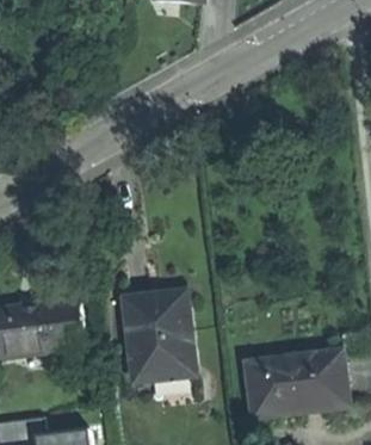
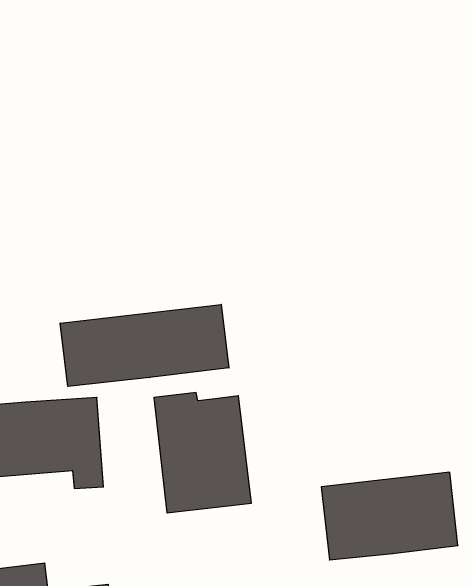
building: none -> [60,304,229,386]

